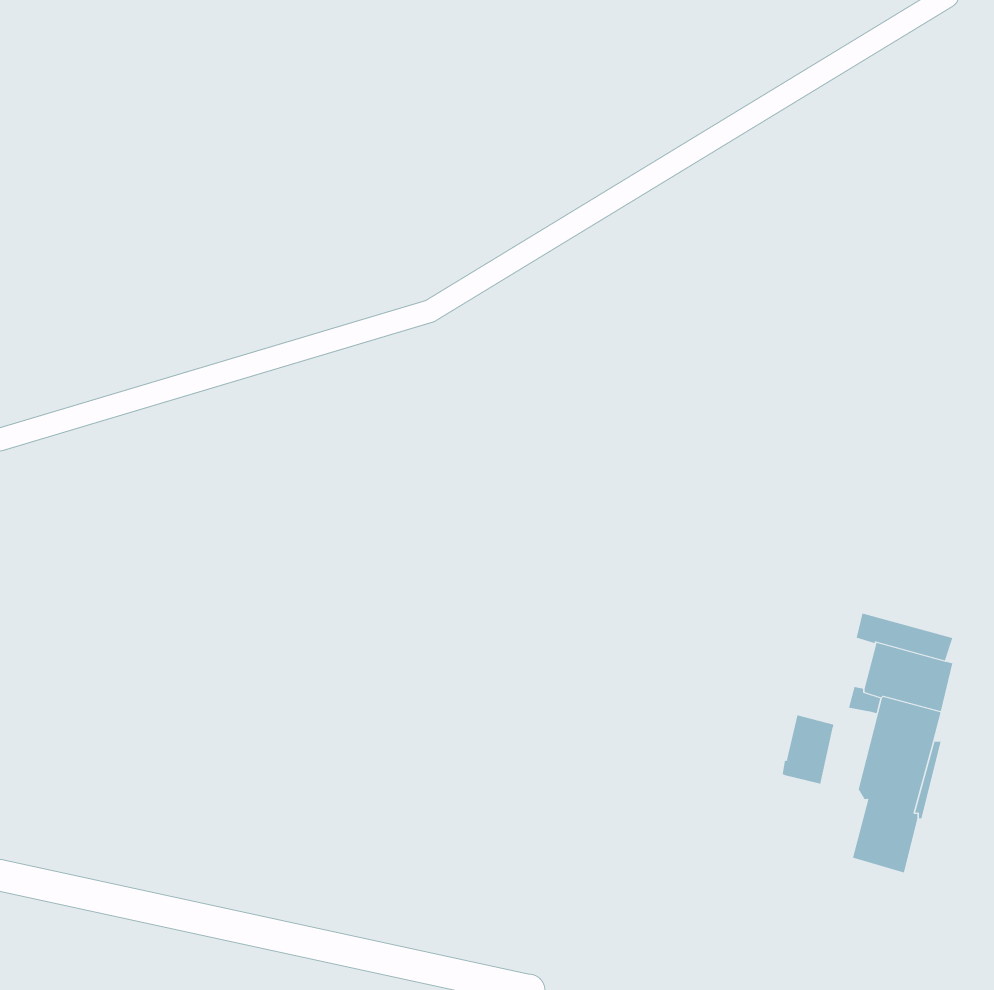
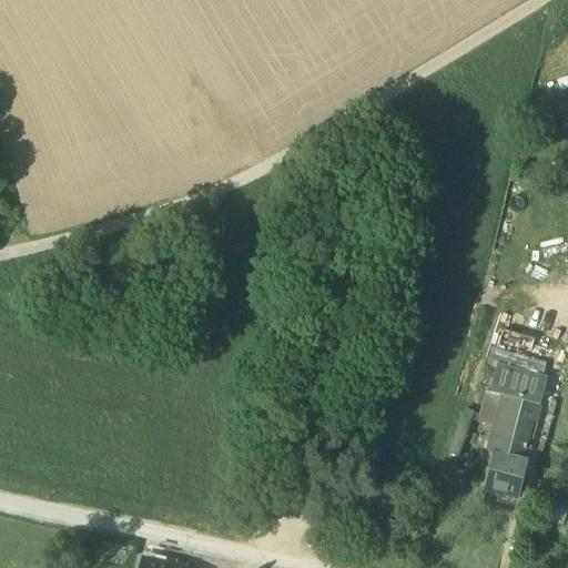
building: [782,715,834,785] -> none

